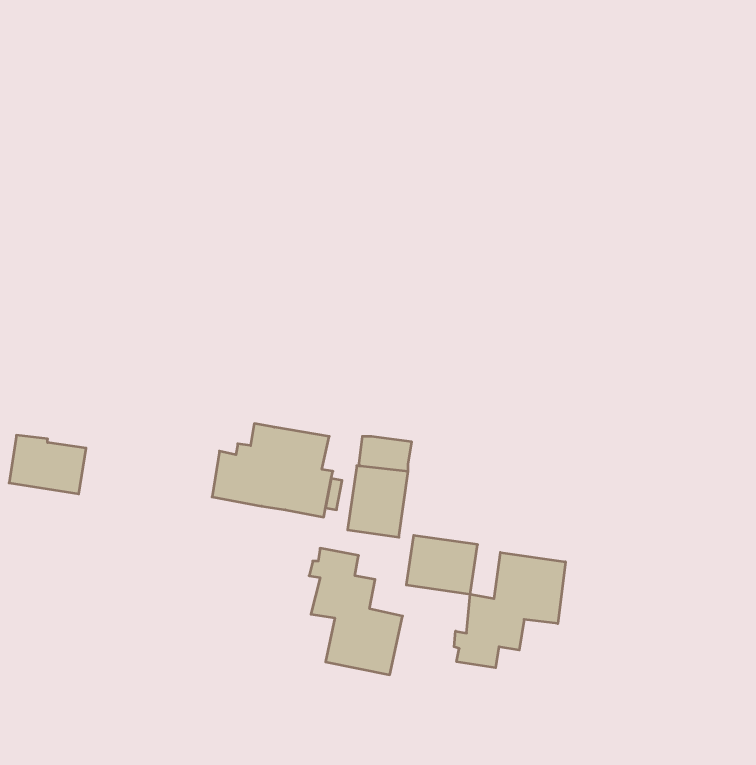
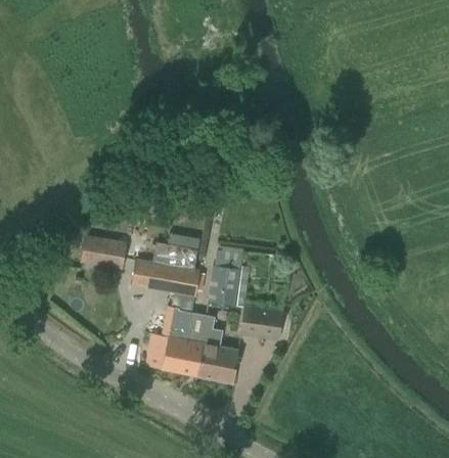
building: [9,435,86,494] -> [82,235,125,268]
building: none -> [145,306,201,376]
building: [454,552,565,668] -> none

